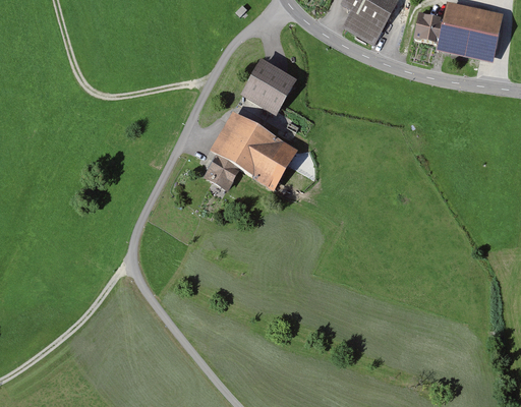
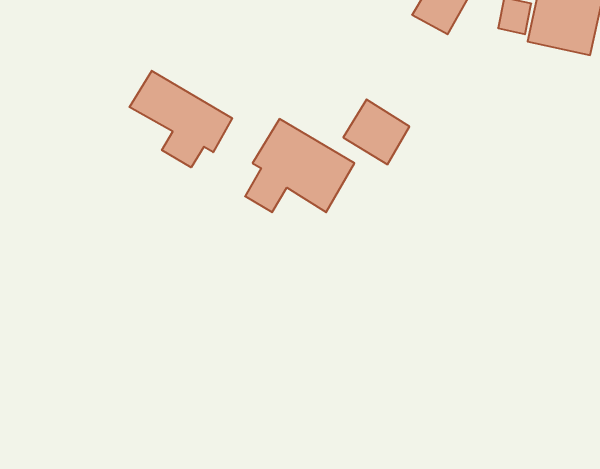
building: [240,59,295,113] -> [343,99,409,164]
building: none -> [129,71,232,167]

